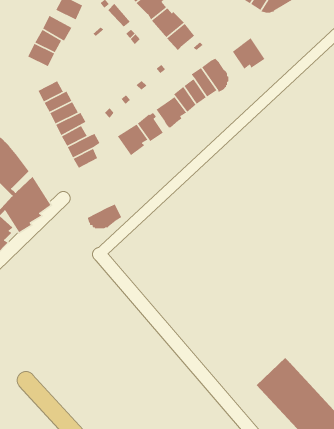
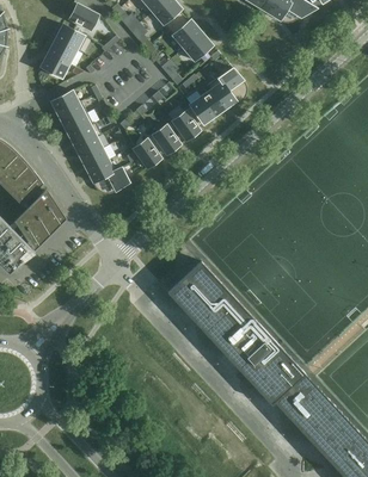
building: [232,37,266,70] -> none
building: [87,204,122,229] -> [93,167,129,193]
building: none -> [167,261,305,404]

